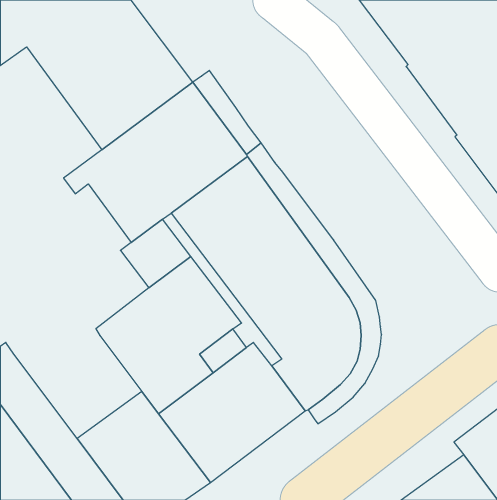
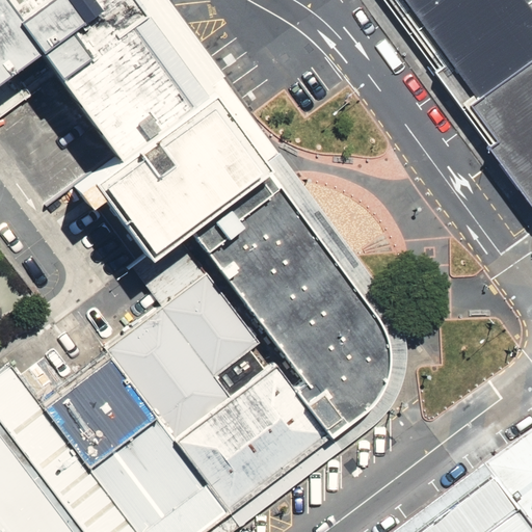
building: none -> [18,355,154,466]

